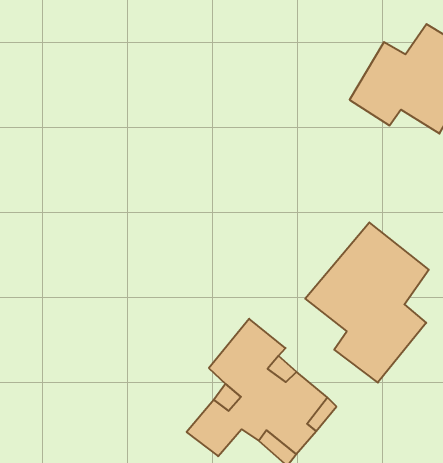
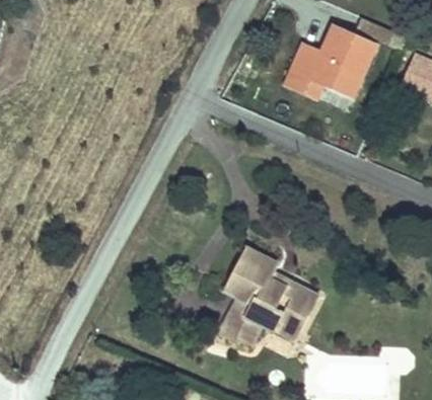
building: [305,222,429,383] -> none

